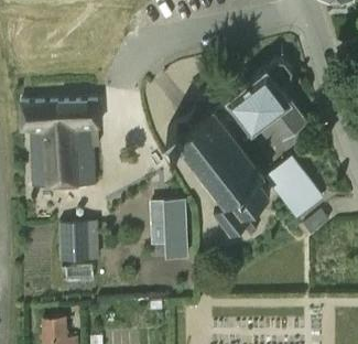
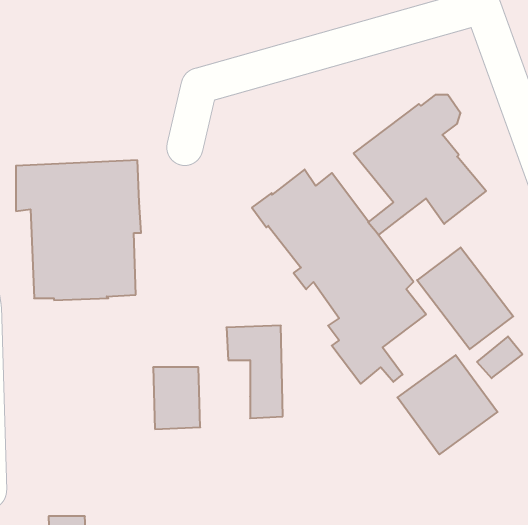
building: none -> [397,355,498,454]
building: [59,225,88,262] -> [153,367,200,429]

